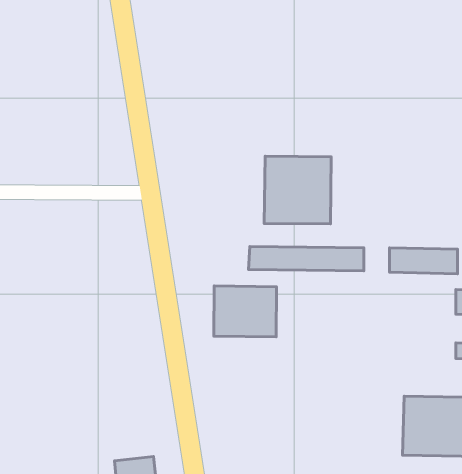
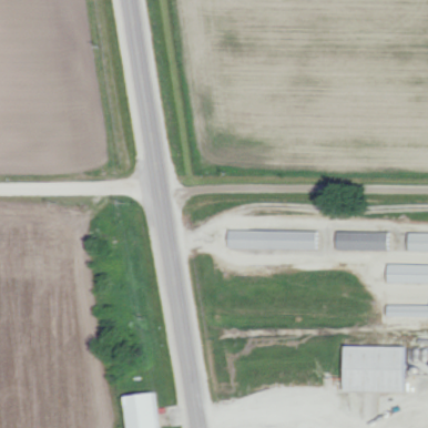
building: [264,156,331,224] -> none
building: [214,286,276,337] -> none

